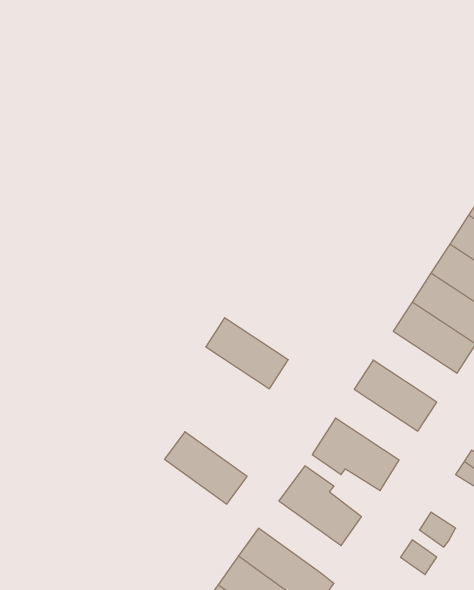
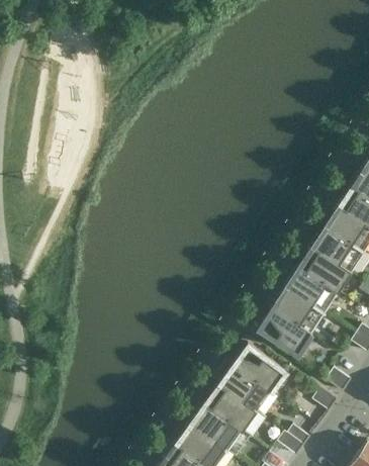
building: [206,318,288,389] -> [270,284,328,334]
building: none -> [296,244,355,293]
building: [165,432,247,504] -> [216,362,274,412]

